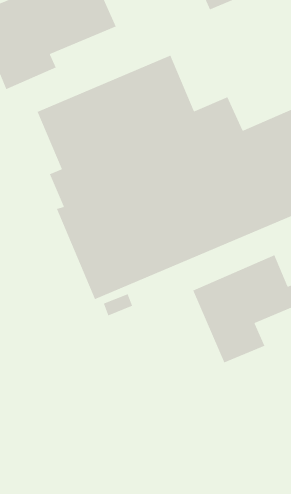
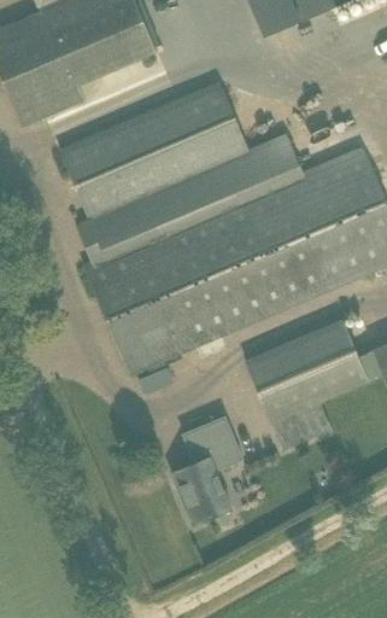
building: none -> [172,413,242,525]

